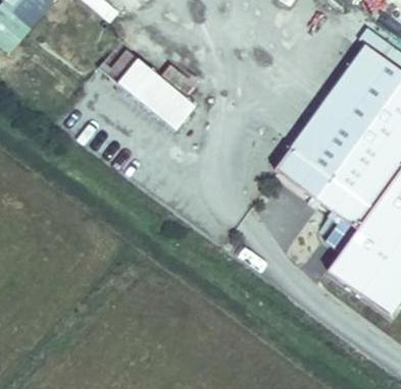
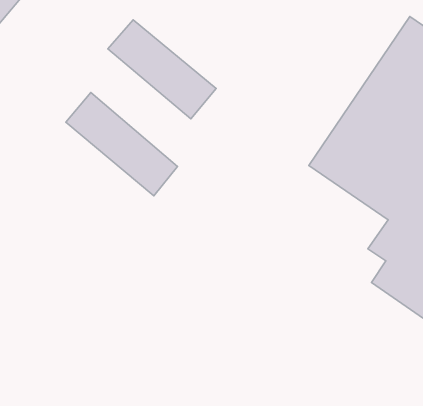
building: none -> [66,93,177,196]

